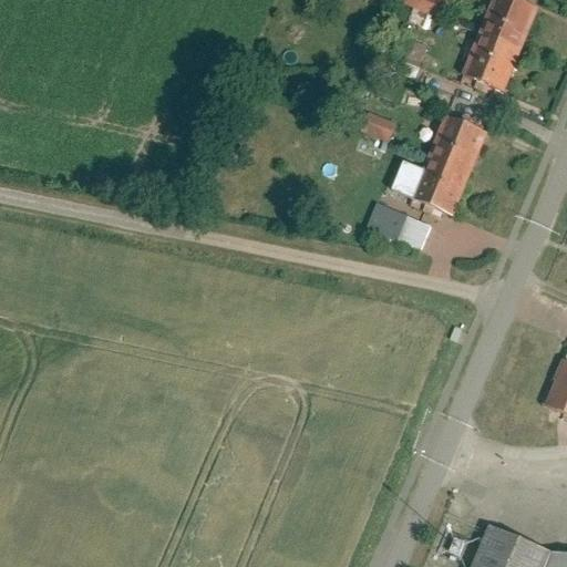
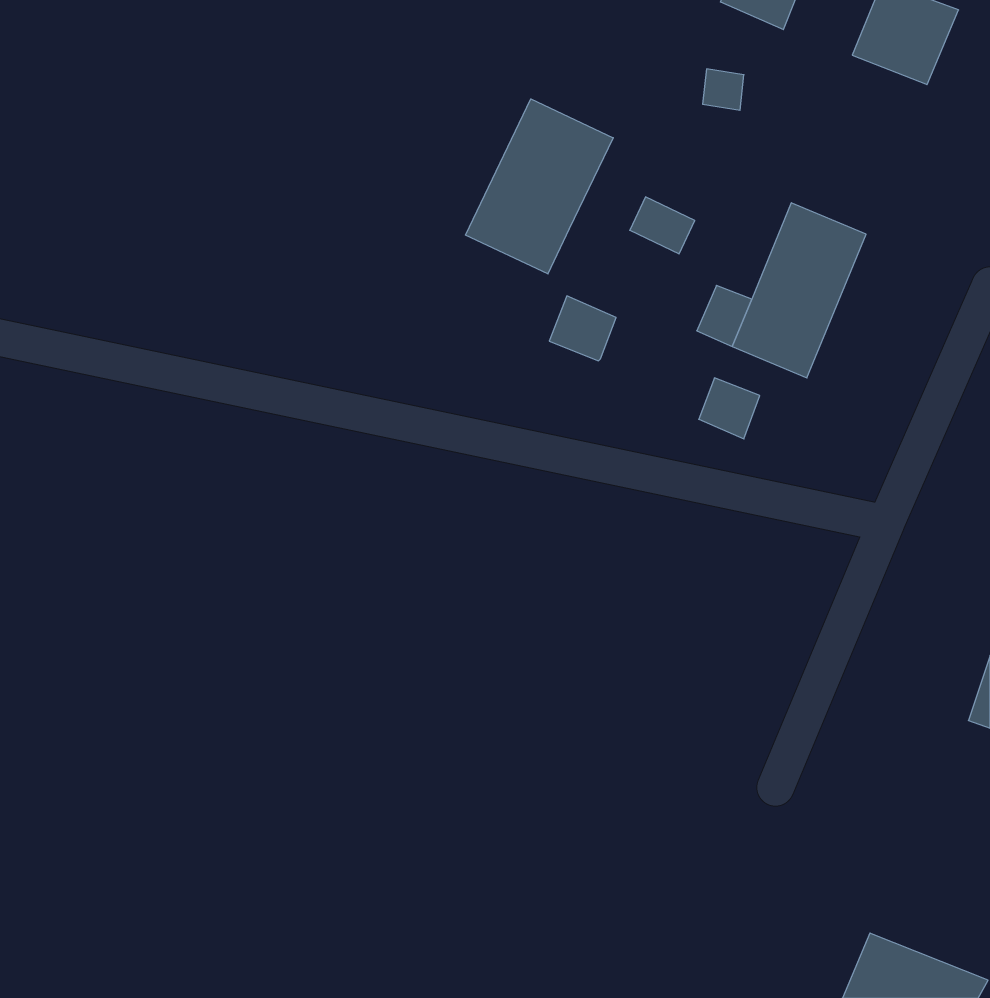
building: [463,31,522,90] -> none
building: none -> [465,99,613,274]
building: [364,200,402,237] -> [549,296,616,361]

